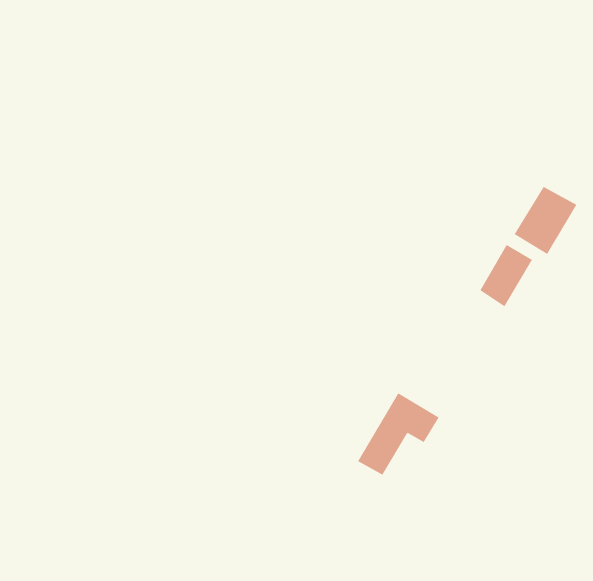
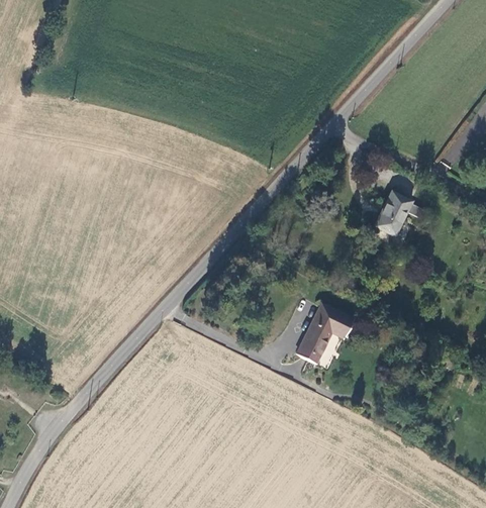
building: [514,186,577,255] -> none

